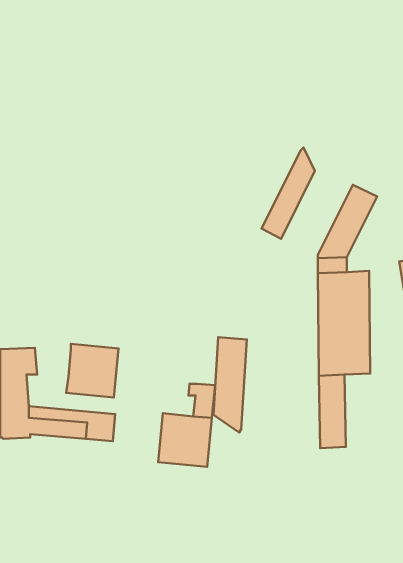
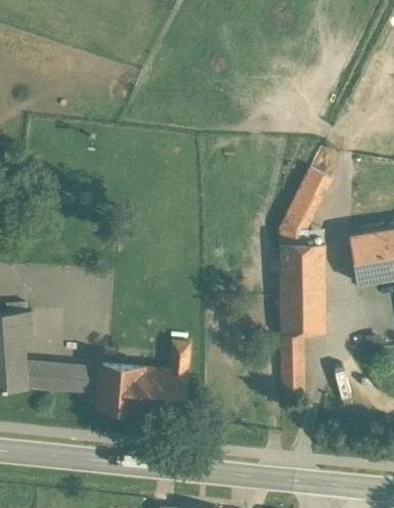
building: [262,147,315,239] -> none
building: [213,337,247,433] -> none
building: [66,344,119,398] -> [97,365,143,412]

